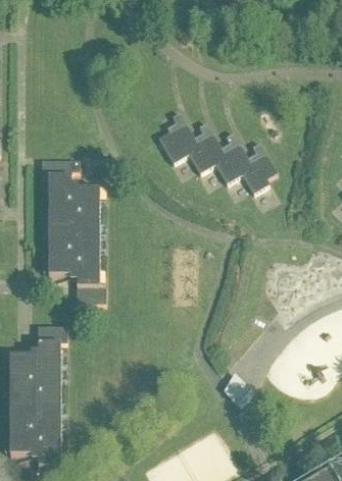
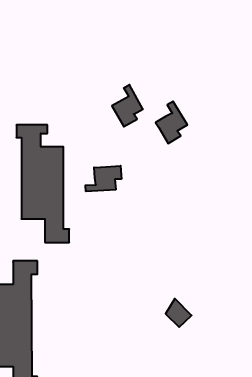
building: [185,121,224,172] -> none
building: [238,141,277,192] -> none
building: none -> [85,166,121,191]

